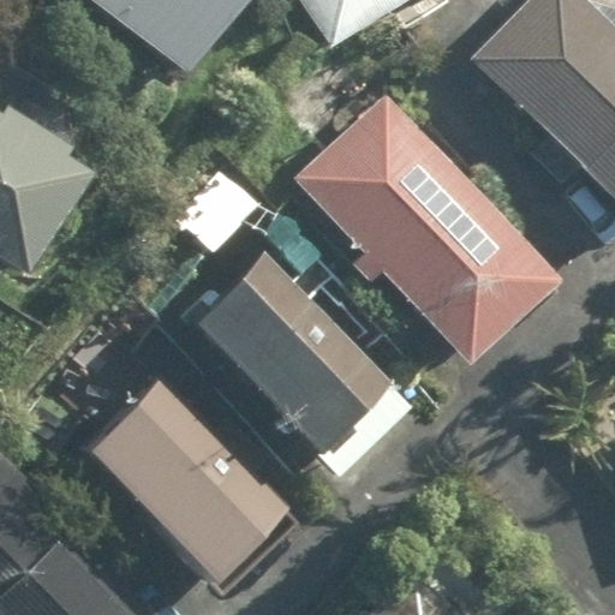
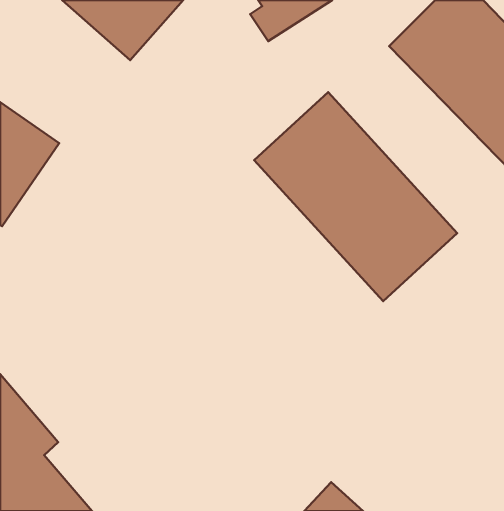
building: [192,253,406,474] -> none
building: [78,377,286,577] -> none

